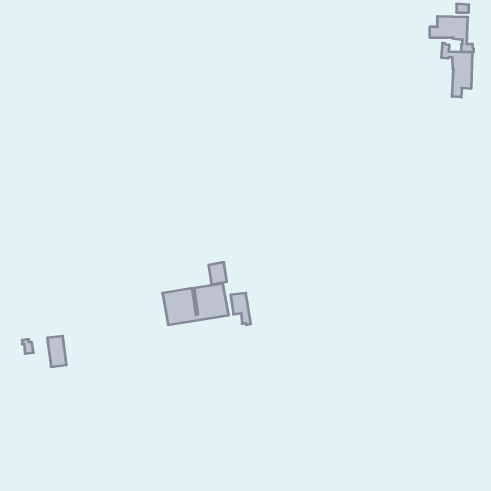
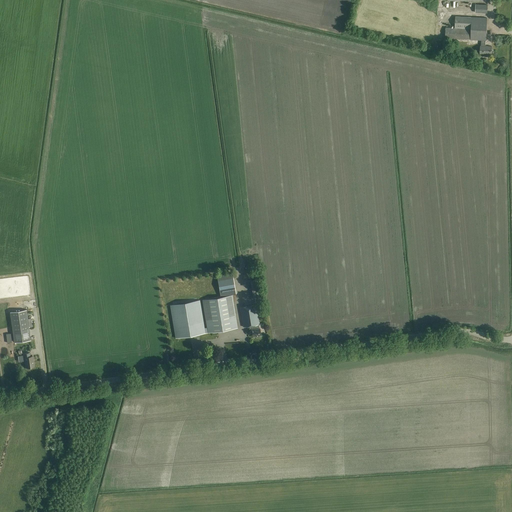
building: [442,43,472,97] -> none
building: [47,336,67,367] -> [10,310,30,342]

